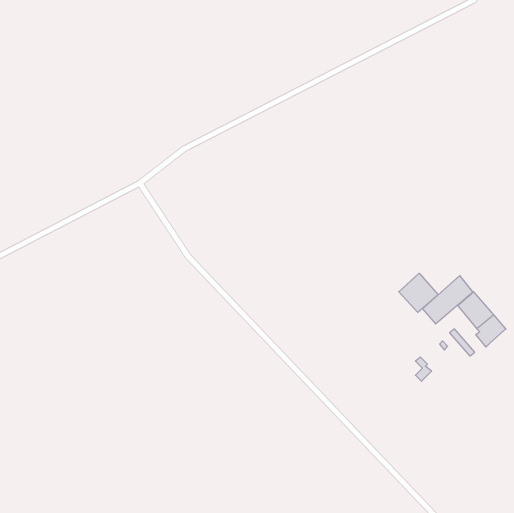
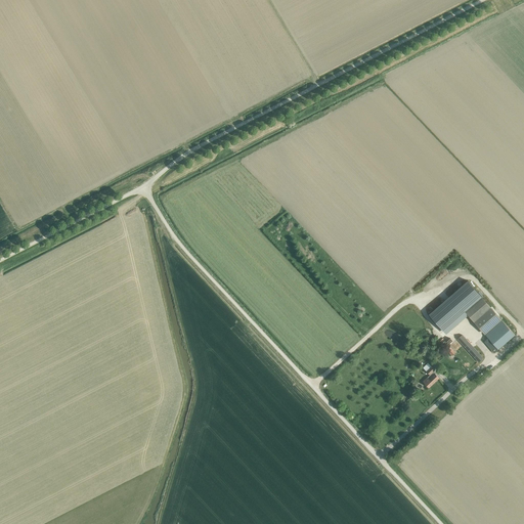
building: [399,273,438,312] -> none

